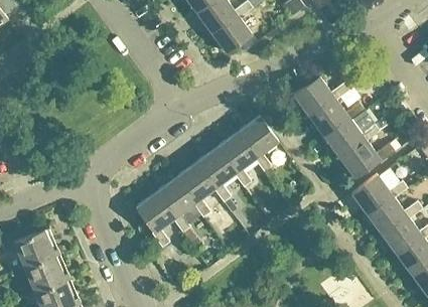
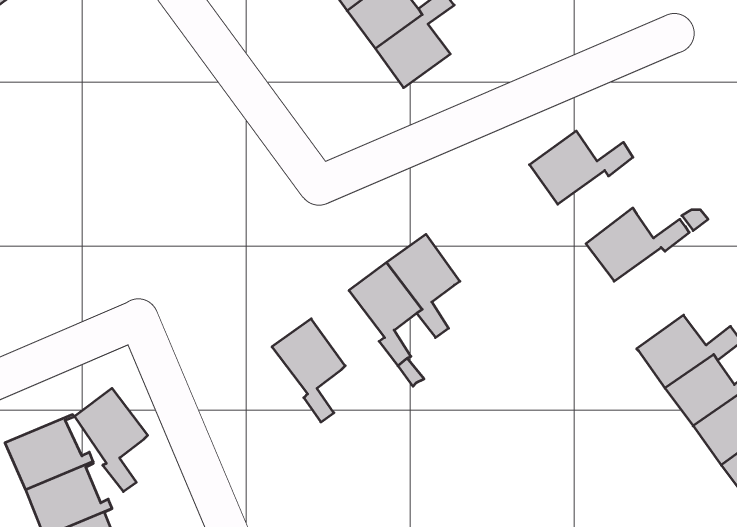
building: [309,98,365,137] -> none
building: [239,117,278,172] -> none
building: [339,139,395,178] -> none
building: [177,162,217,217] -> none
building: [136,192,175,248] -> [74,388,148,492]

